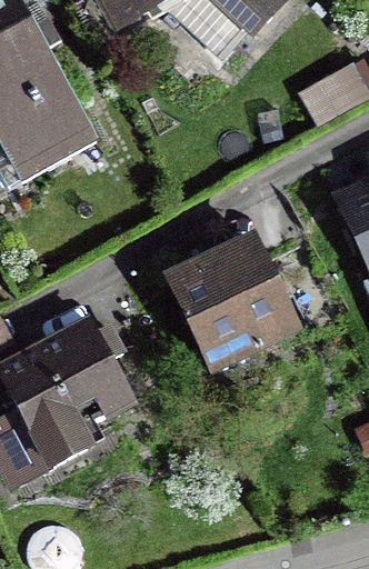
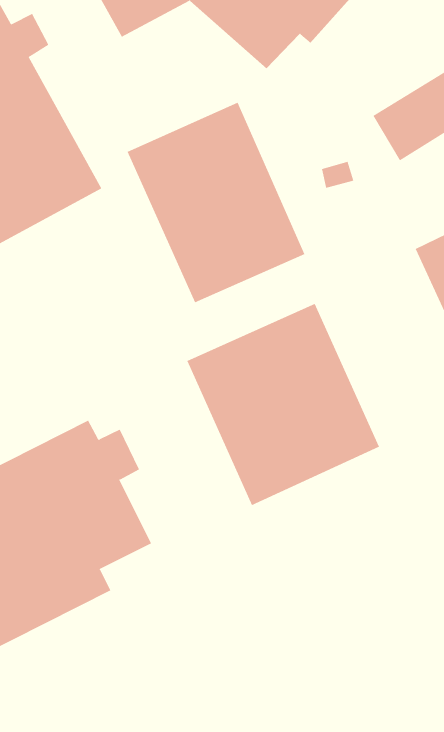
building: none -> [127,102,305,303]

